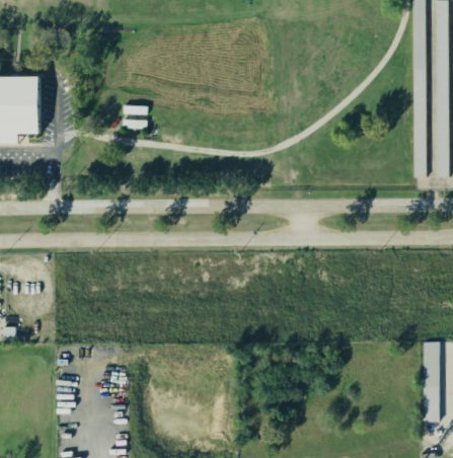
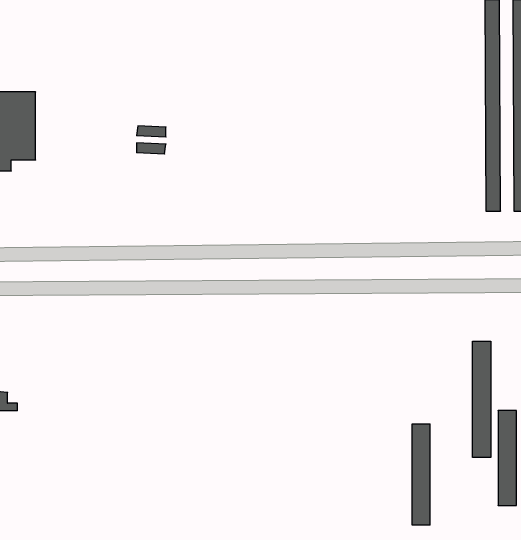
building: none -> [473,341,491,457]
building: none -> [412,424,430,525]

